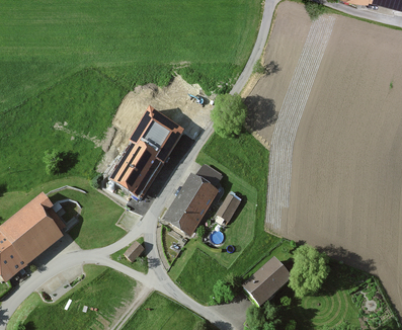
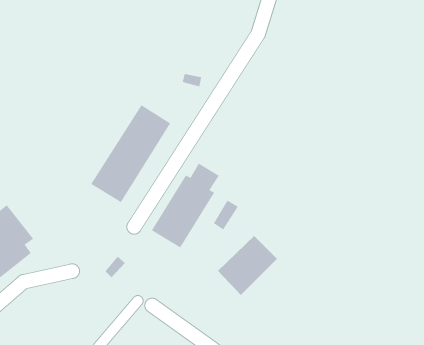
building: [241,261,293,313] -> [217,235,278,296]

